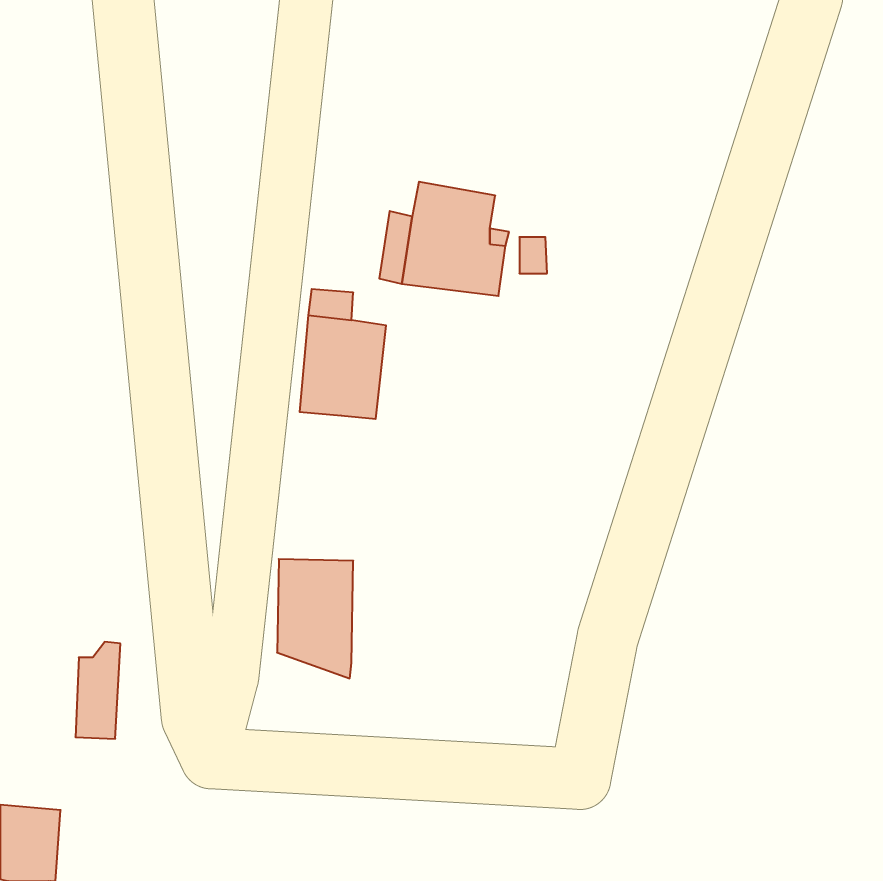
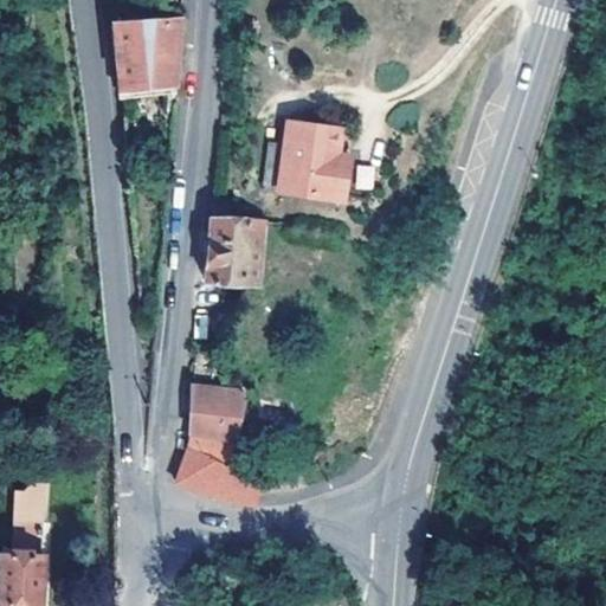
building: none -> [116,20,180,103]
building: [75,642,120,739] -> [13,479,44,546]
building: none -> [176,446,260,502]

